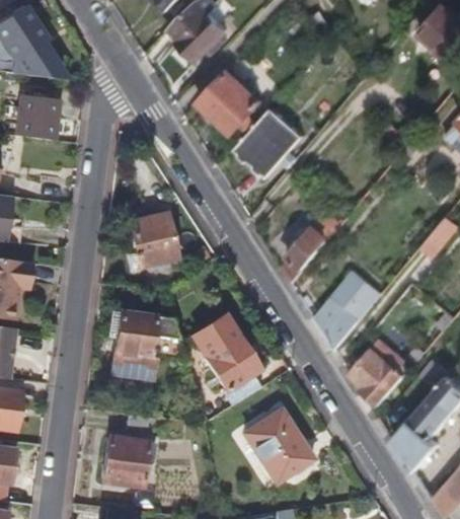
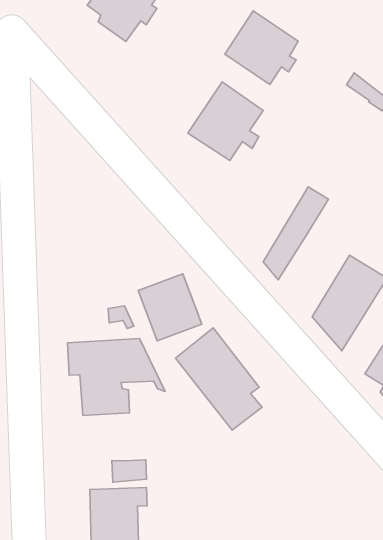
building: [199,69,261,133] -> [225,11,298,85]
building: [126,213,174,266] -> [138,274,202,341]
building: [242,409,310,480] -> none

